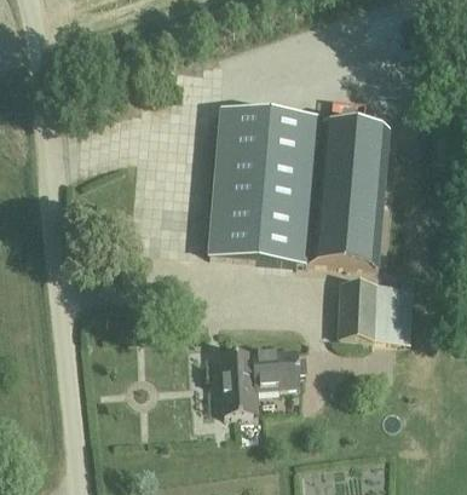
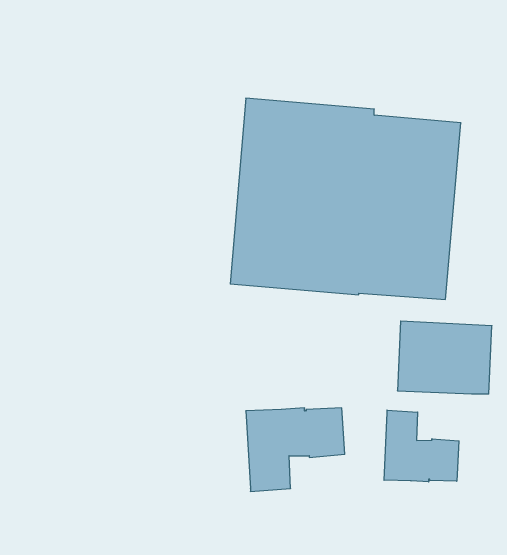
building: none -> [384,410,459,482]

